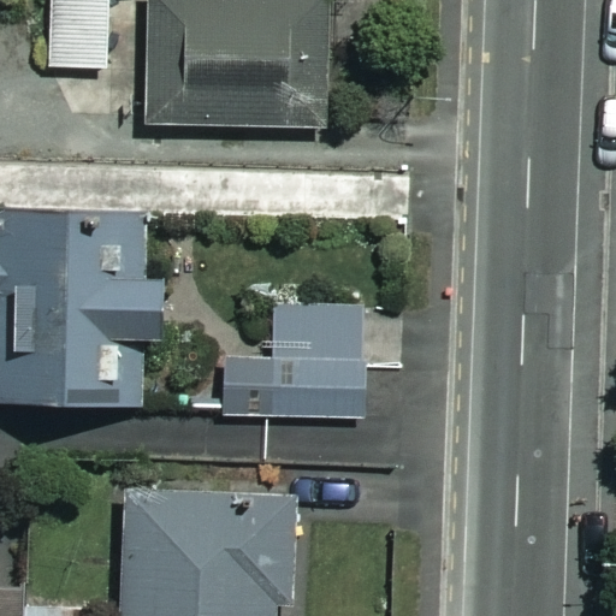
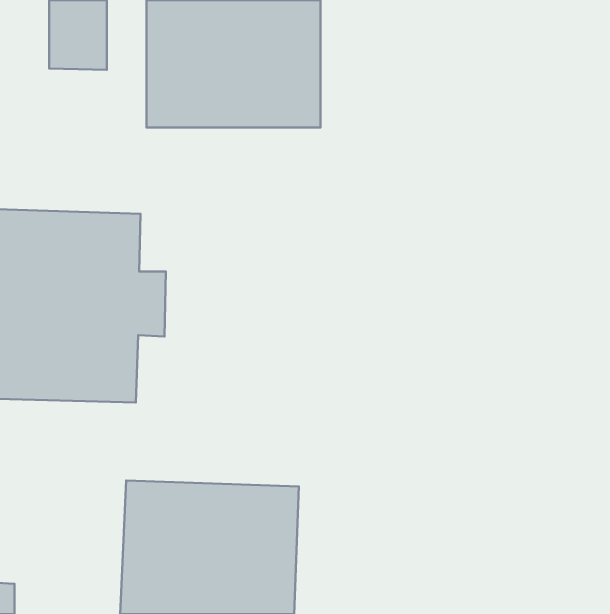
building: [223,306,363,417] -> none

